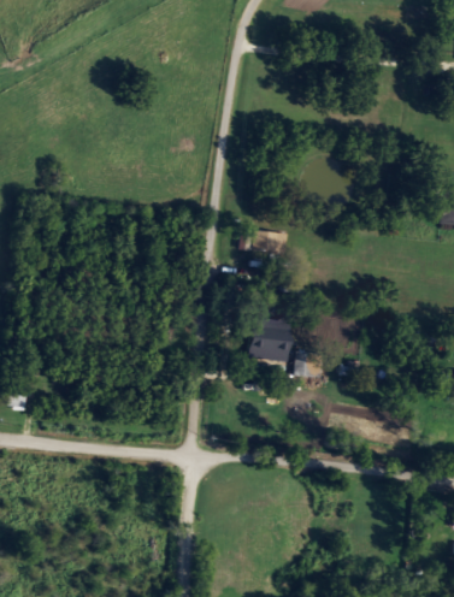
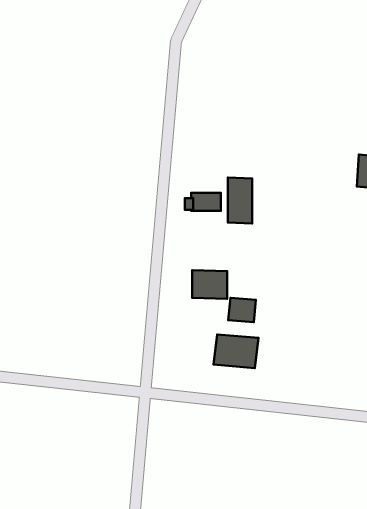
building: none -> [228,178,252,224]
building: none -> [214,334,258,368]

